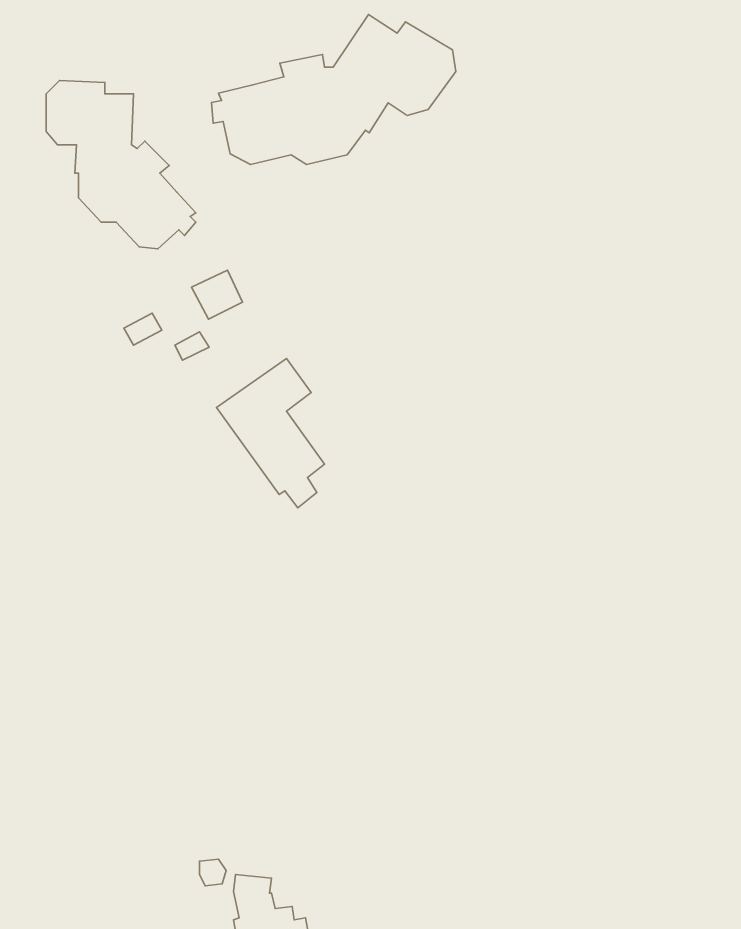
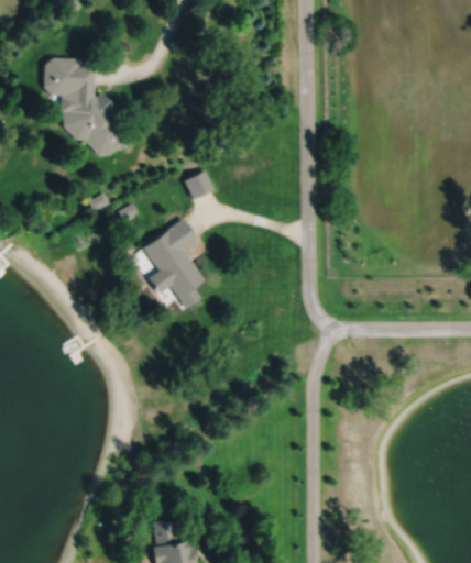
building: [212,15,456,165] -> none
building: [192,270,243,319] -> [184,170,213,199]

